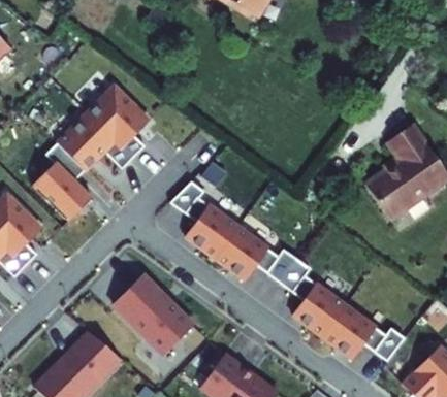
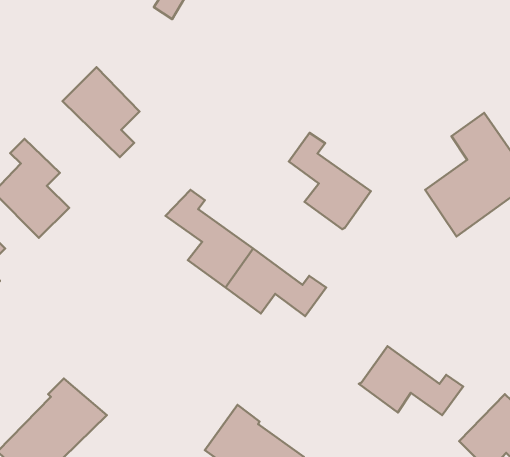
building: [55,110,130,167] -> none
building: [277,258,342,334] -> [289,133,371,229]
building: [111,274,192,355] -> none

